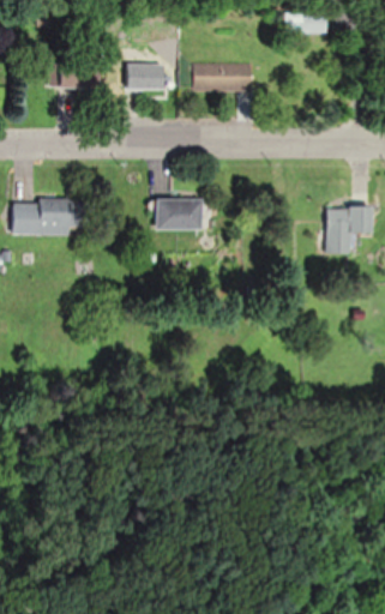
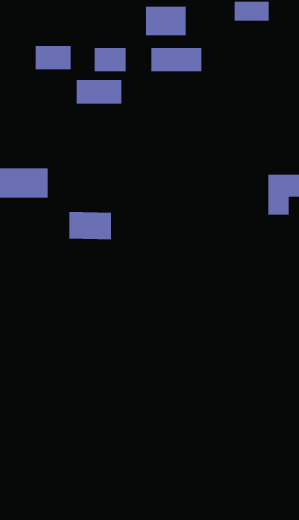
building: none -> [145,6,186,36]
building: none -> [76,79,122,104]
building: [156,198,205,230] -> [69,211,112,240]

